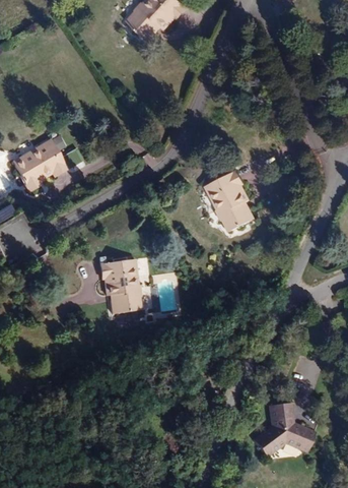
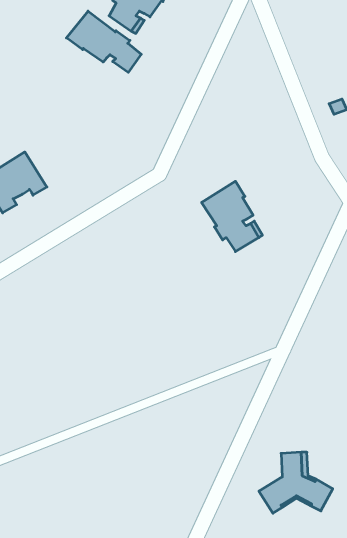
building: none -> [66,11,141,72]
building: [99,264,139,317] -> none

